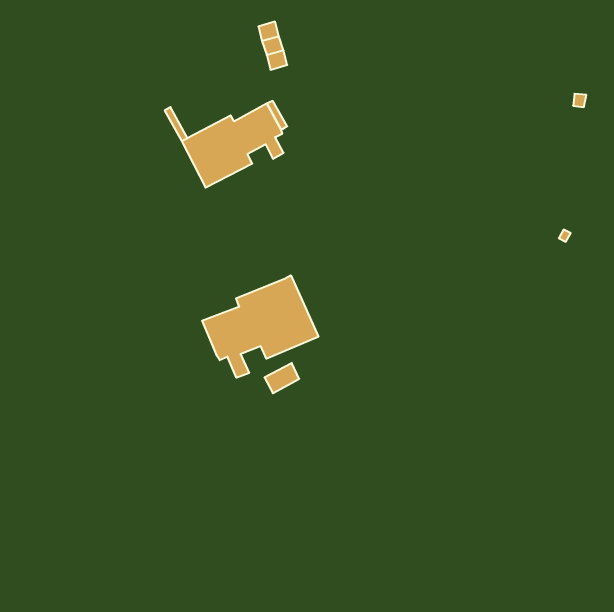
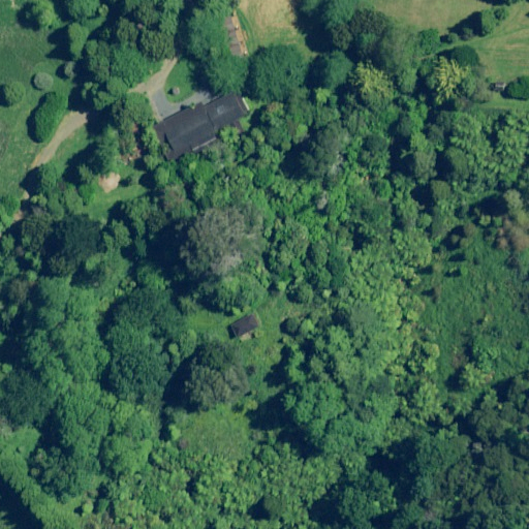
building: [202,275,318,378] -> none

